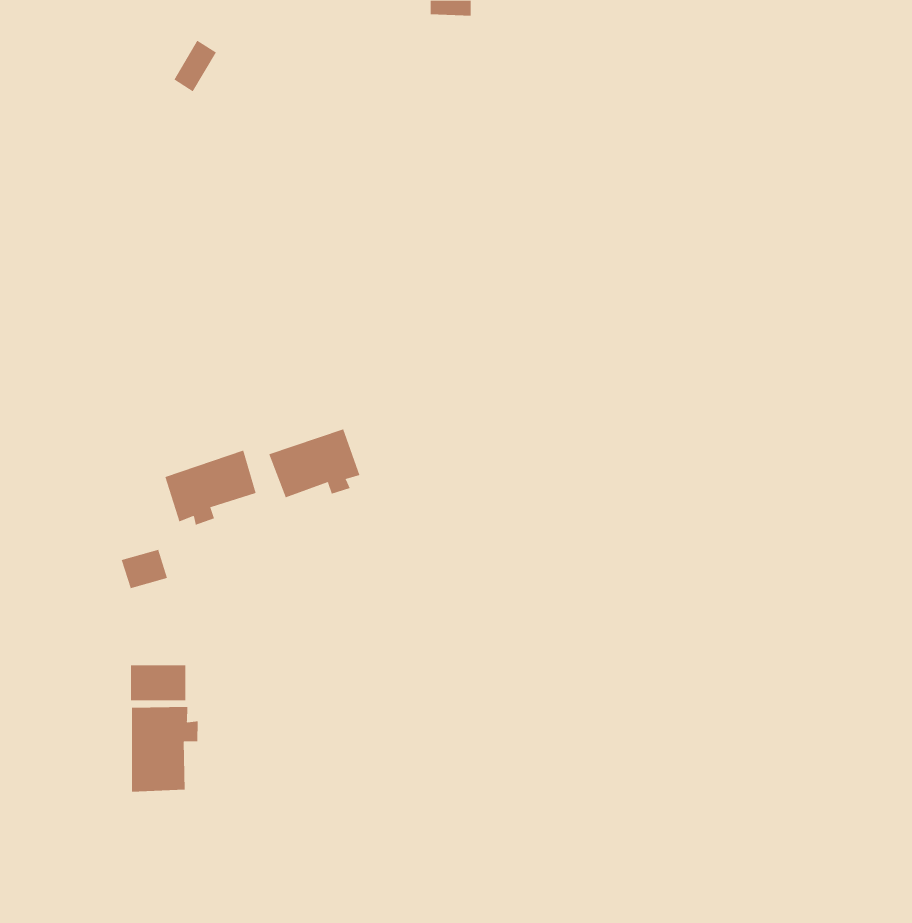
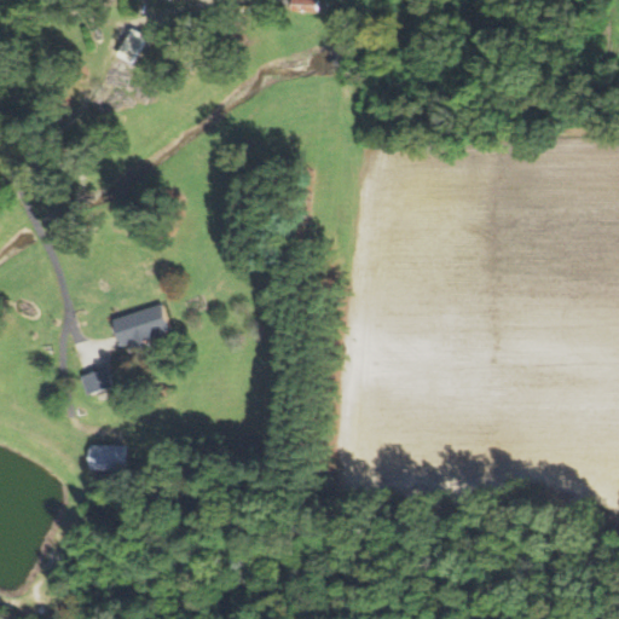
building: [269,428,360,498] -> none
building: [132,706,198,792] -> none

